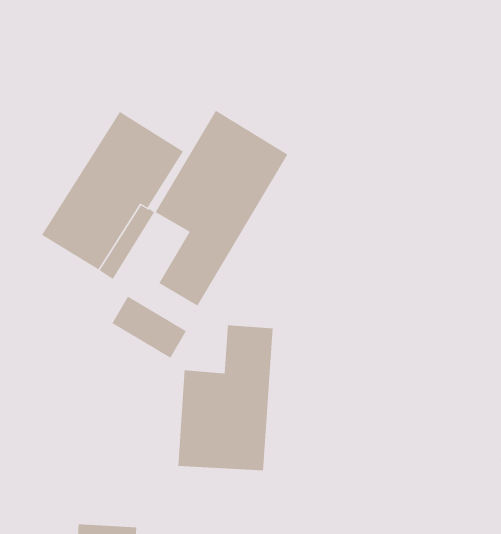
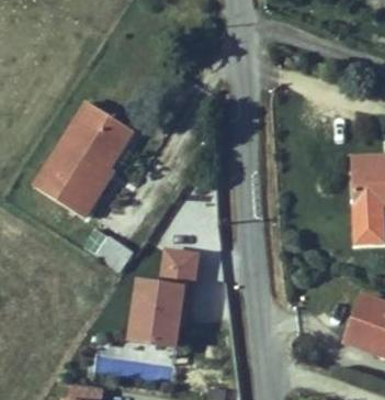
building: [155,110,288,307] -> none

